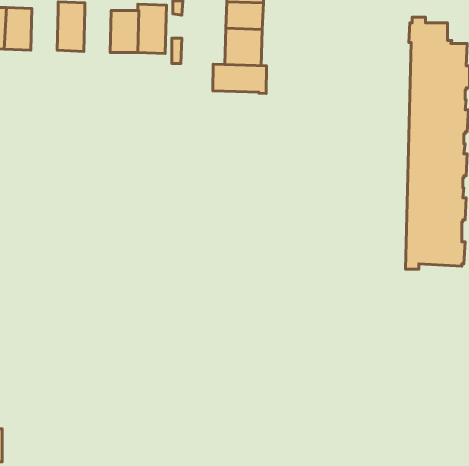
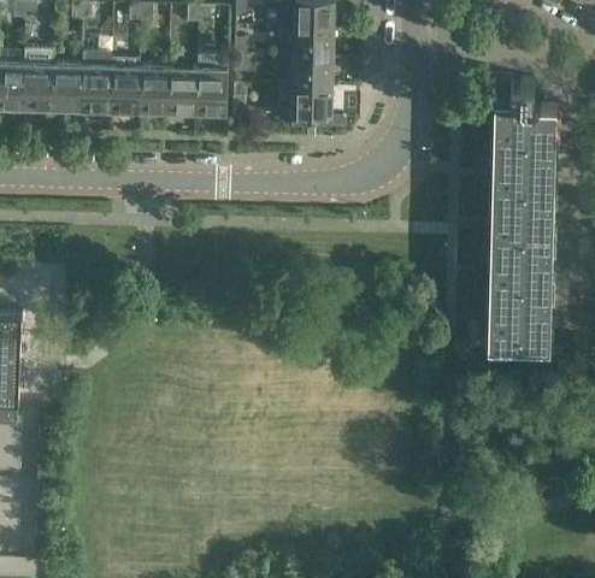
building: none -> [79,66,110,112]
building: none -> [137,67,167,114]
building: [213,64,266,94] -> none

